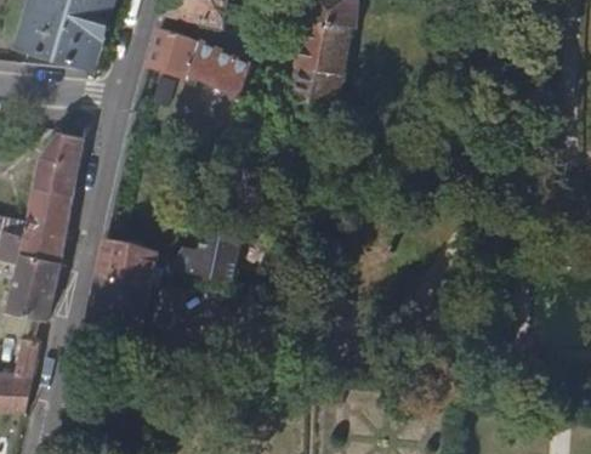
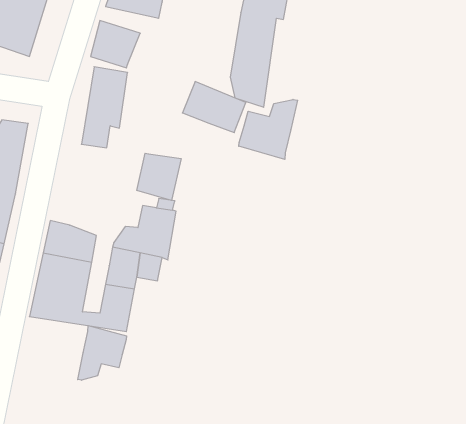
building: [188,40,255,93] -> [182,82,246,133]
building: none -> [239,99,298,159]
building: none -> [137,153,181,200]
building: none -> [78,326,127,380]

